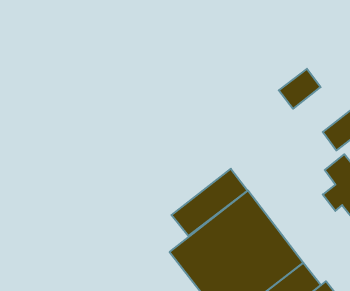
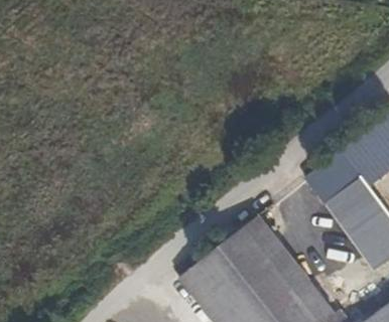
building: [279,69,321,109] -> [306,154,350,195]
building: [171,169,247,236] -> none

